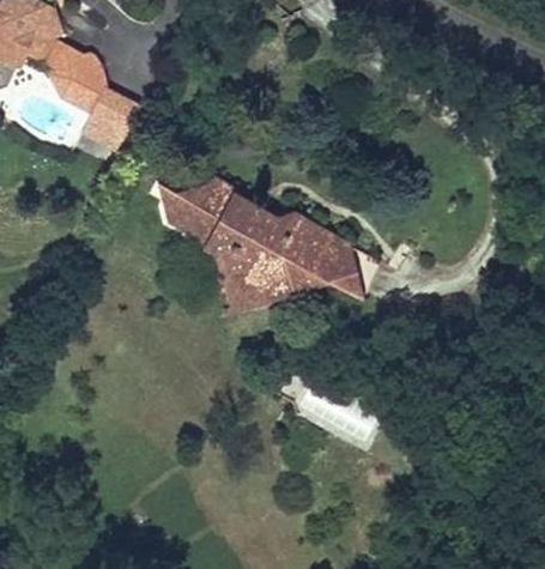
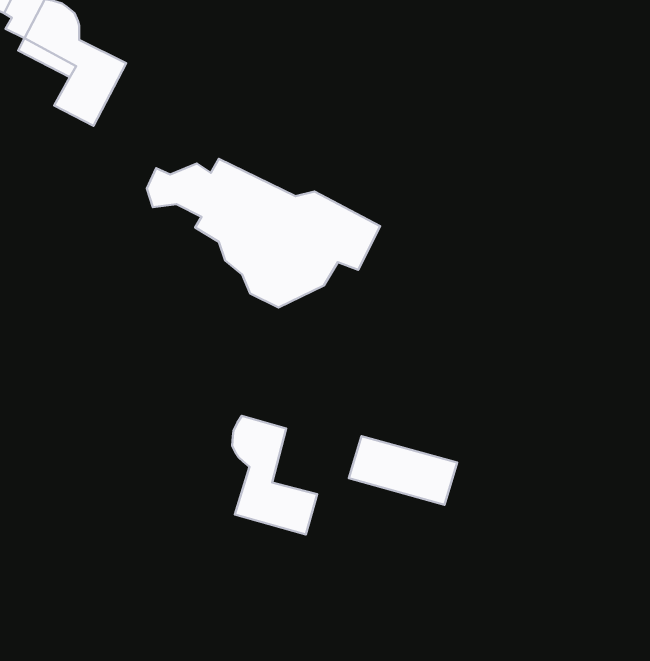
building: [170,213,349,308] -> none
building: none -> [232,416,317,534]

